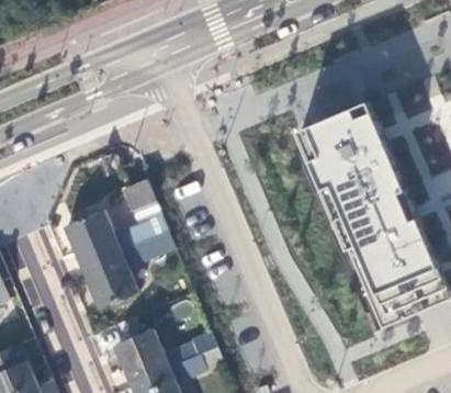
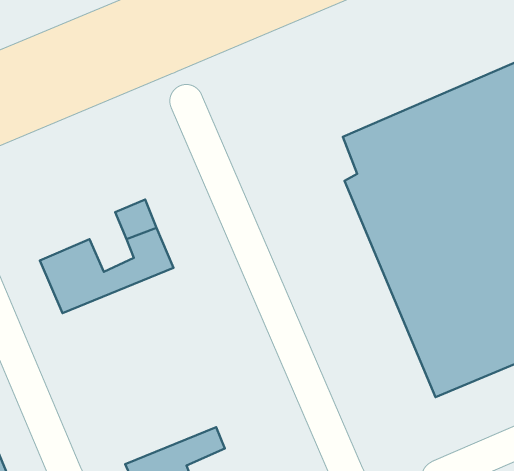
building: [83,232,176,307] -> none
building: [116,329,202,383] -> none

